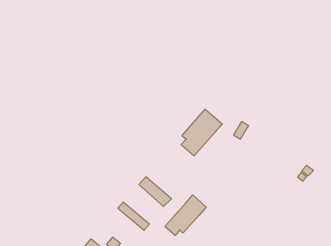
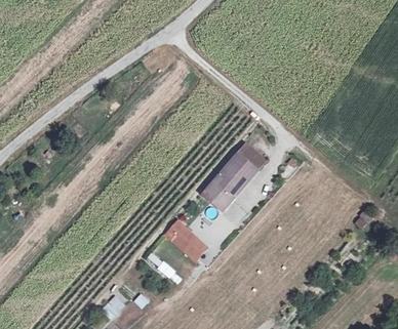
building: none -> [203,173,233,208]
building: [165,195,206,236] -> none

